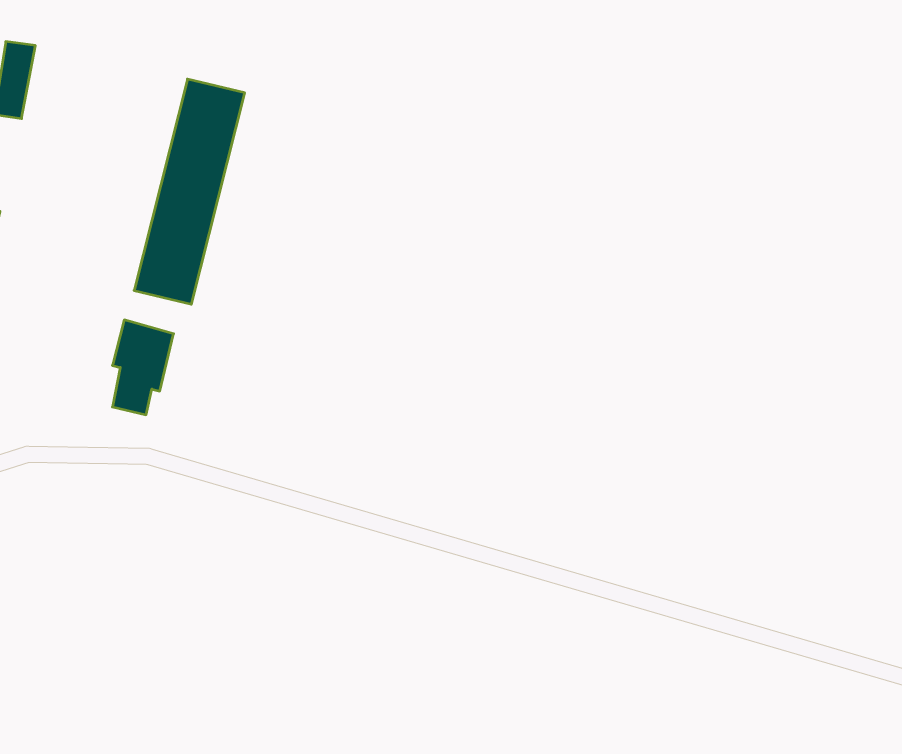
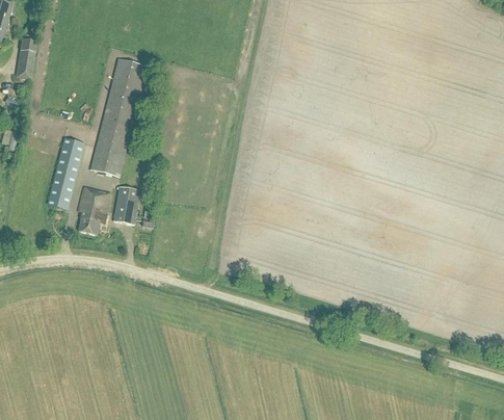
building: none -> [47,137,85,208]
building: none -> [112,185,140,225]

